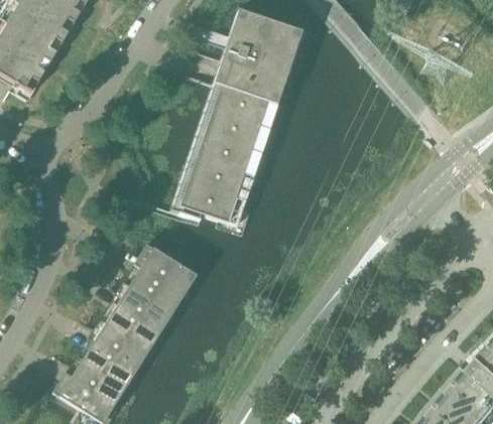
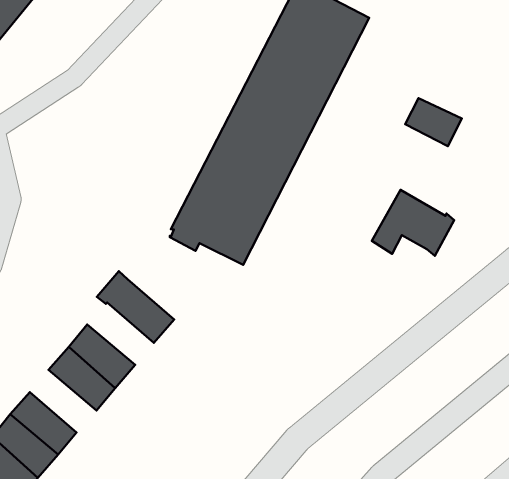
building: none -> [405,98,462,146]
building: none -> [372,190,454,256]
building: [128,265,178,307] -> none
building: [94,320,144,363] -> none

